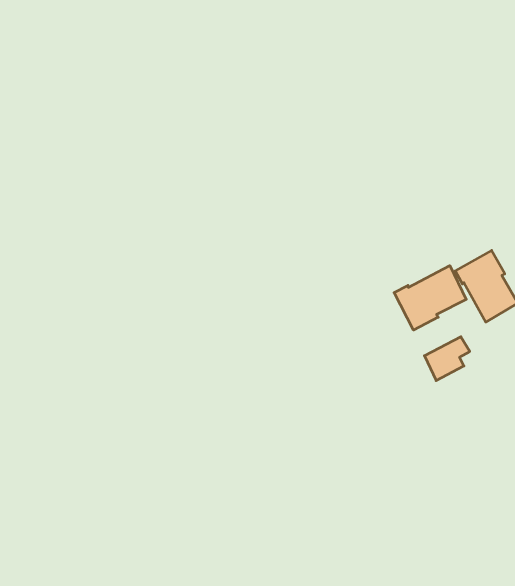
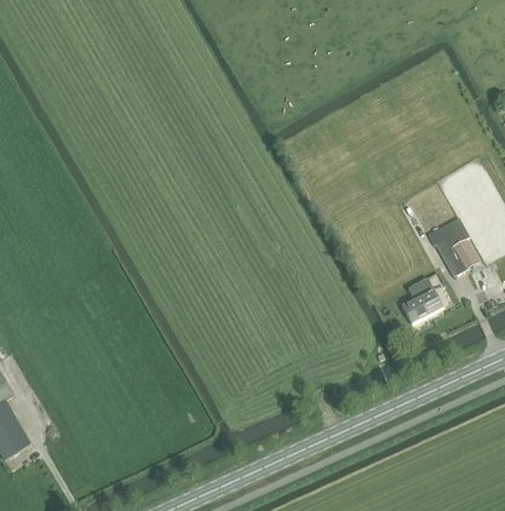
building: [394,266,466,330] -> none

